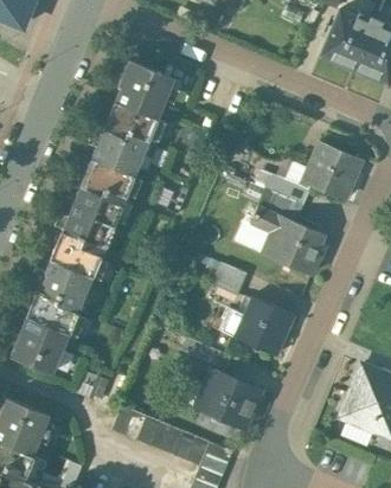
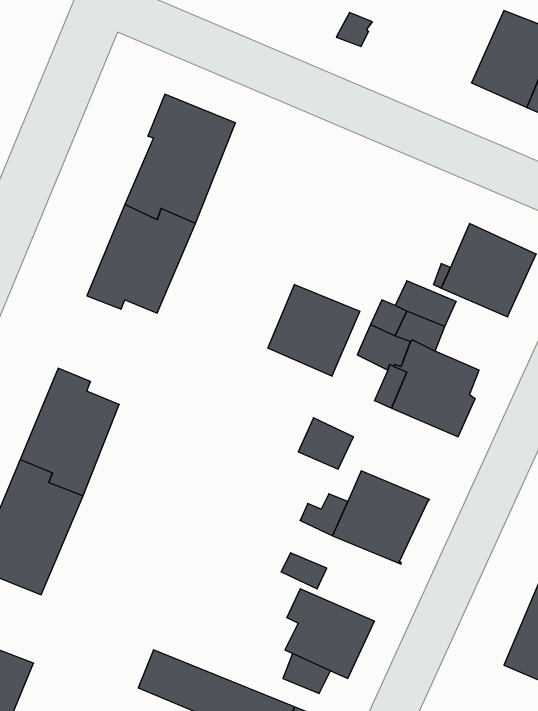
building: none -> [268,284,360,376]
building: [63,187,124,255] -> none

